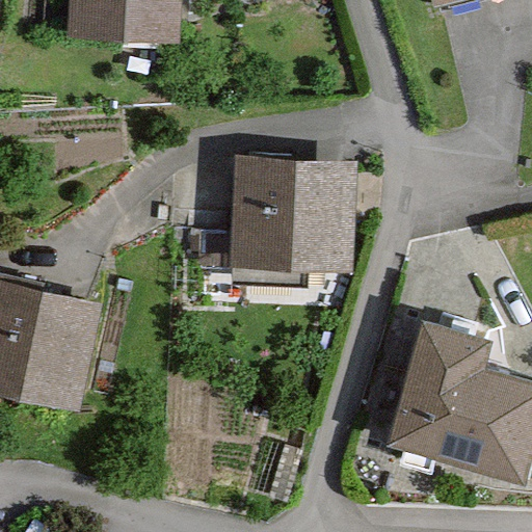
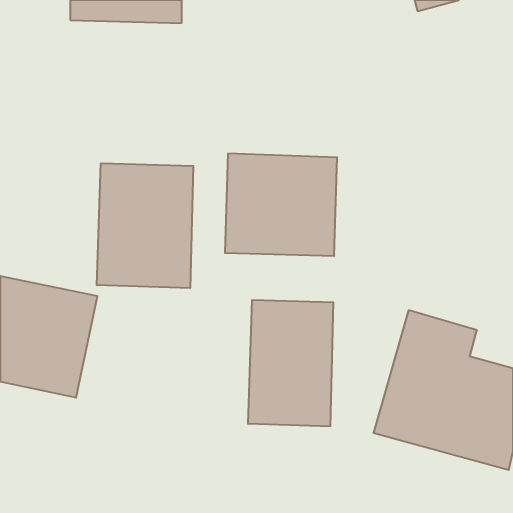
building: none -> [97,163,193,288]
building: none -> [248,300,333,426]

